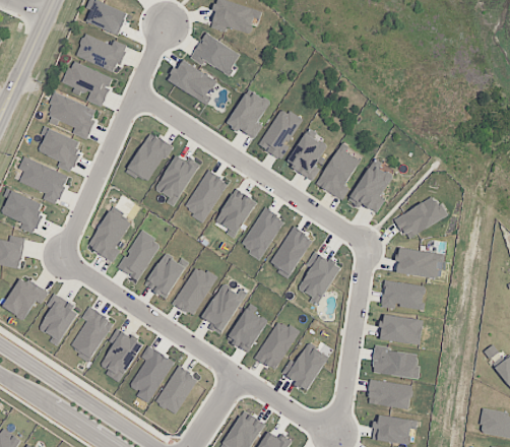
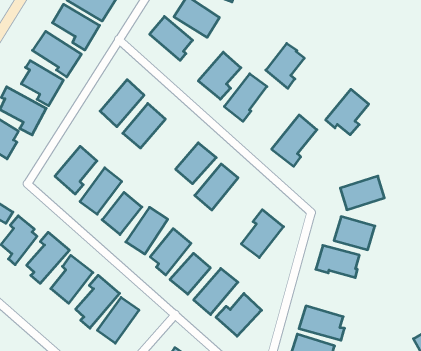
building: [286,132,326,180] -> [266,43,304,88]
building: [347,164,391,212] -> [326,89,369,135]
building: [184,170,227,221] -> none
building: [270,227,312,279] -> none
building: [378,314,424,345] -> none

